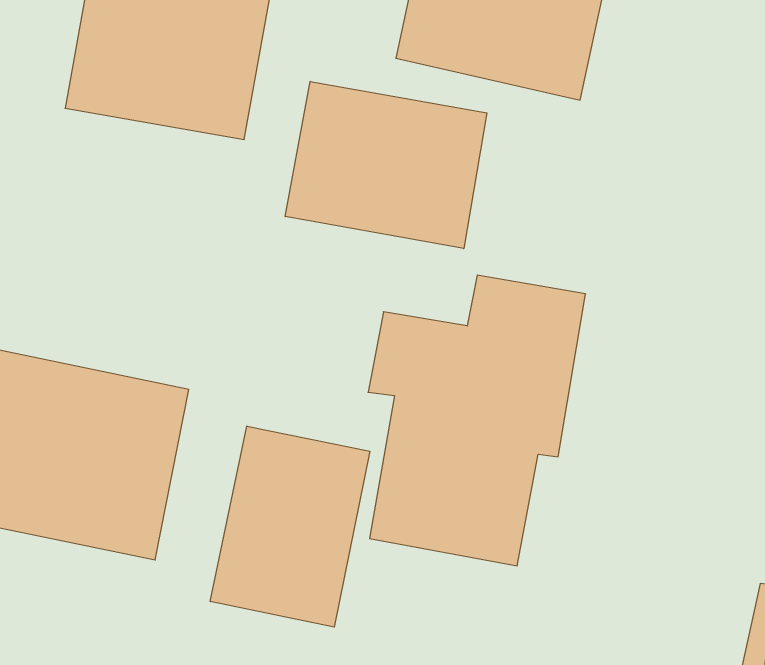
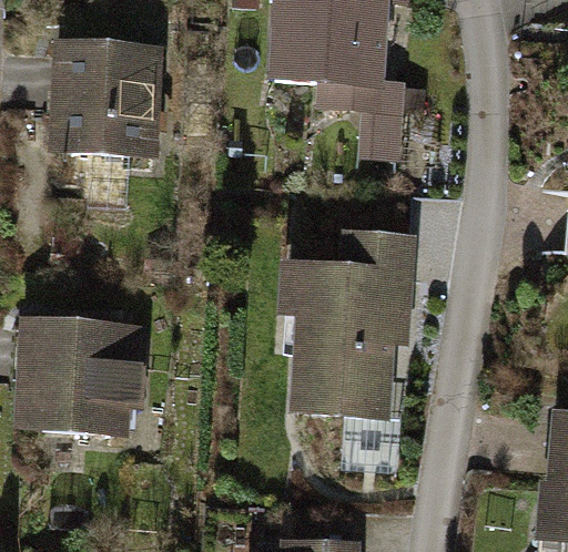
building: [285,81,487,249] -> none
building: [210,426,370,627] -> none

